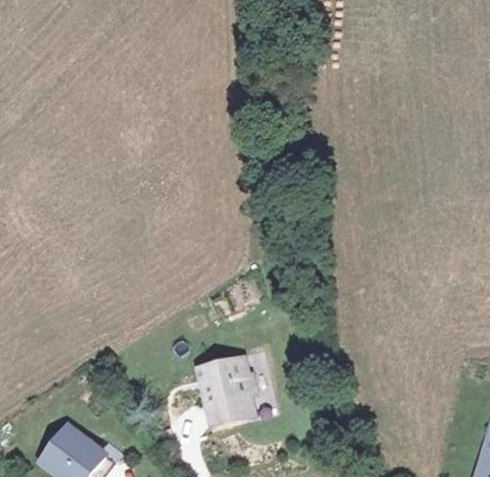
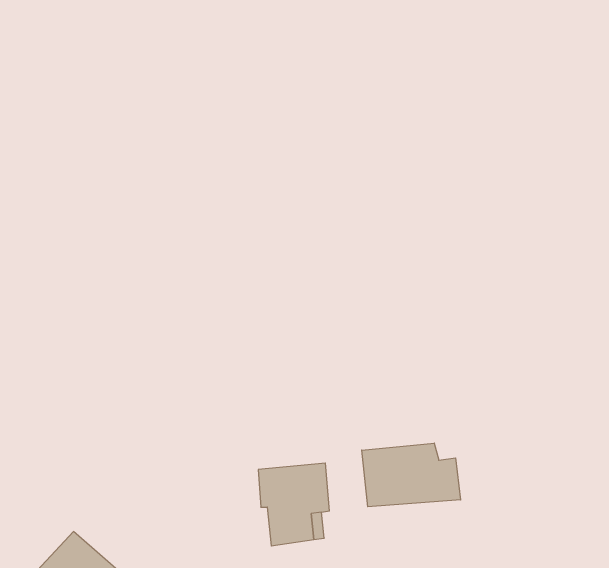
building: none -> [362,443,461,507]

